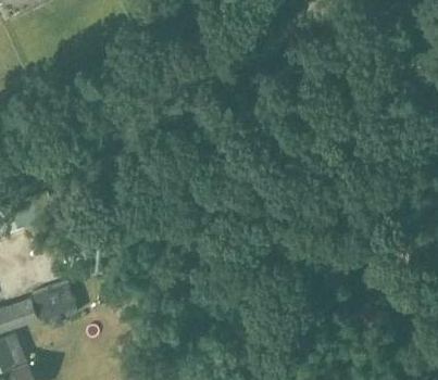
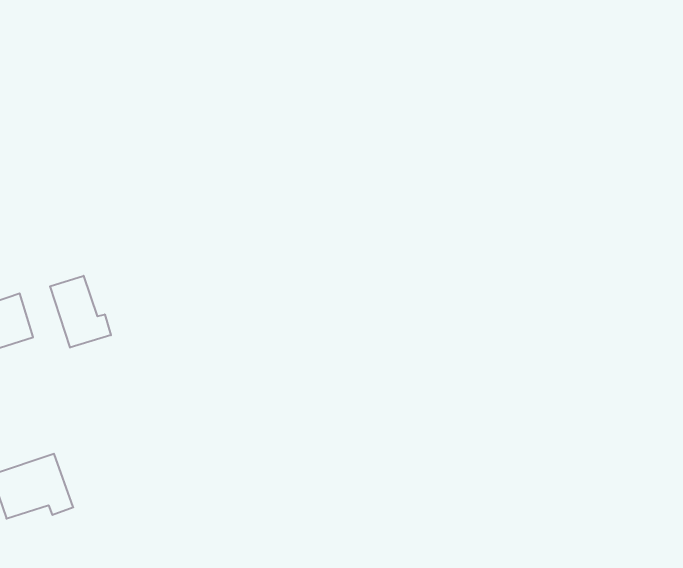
building: none -> [50,276,111,348]

